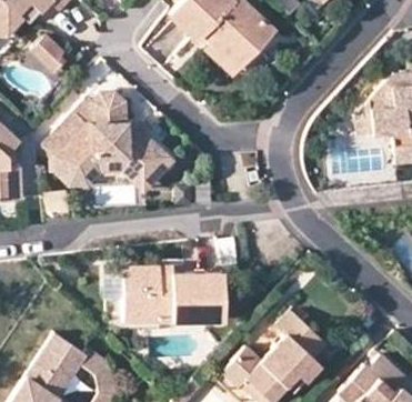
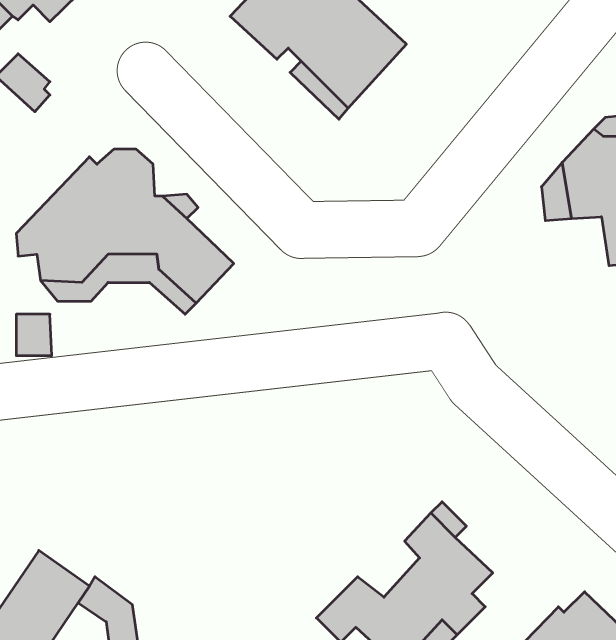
building: [122,267,224,321] -> none

